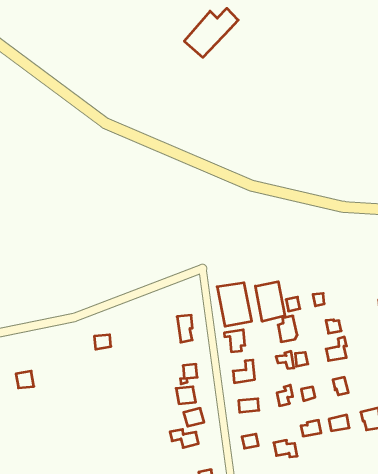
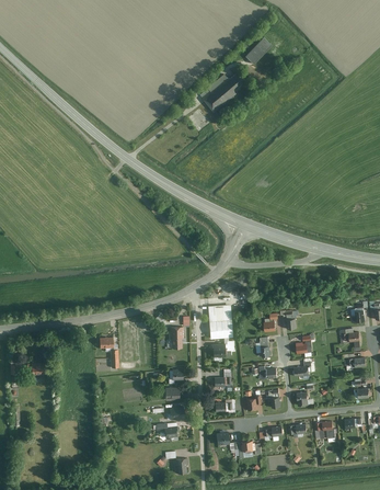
building: [255,282,285,321] -> none

